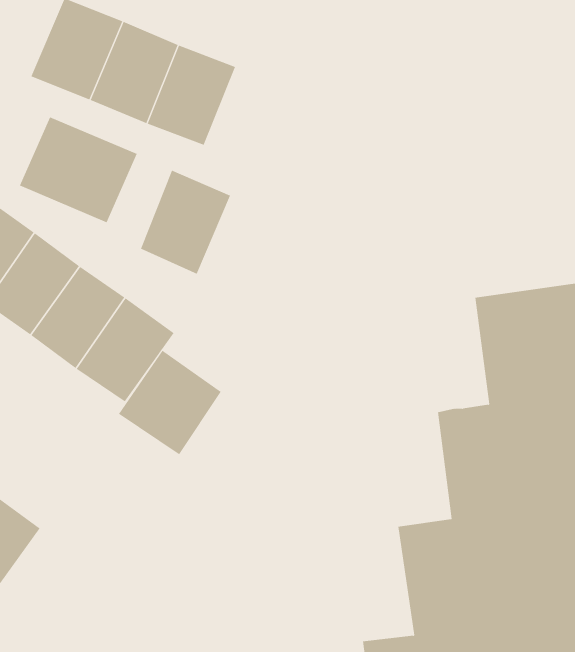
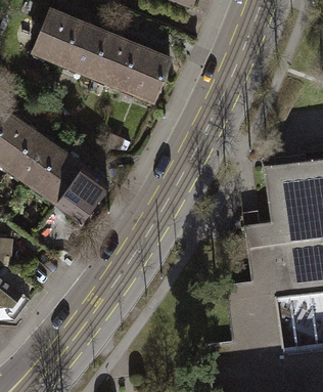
building: [19,116,138,223] -> none
building: [140,170,231,275] -> [123,48,170,102]
building: [118,350,222,455] -> none

